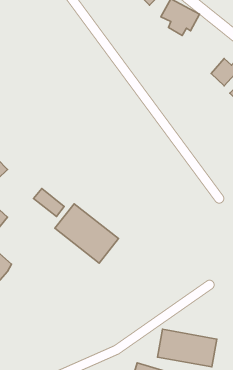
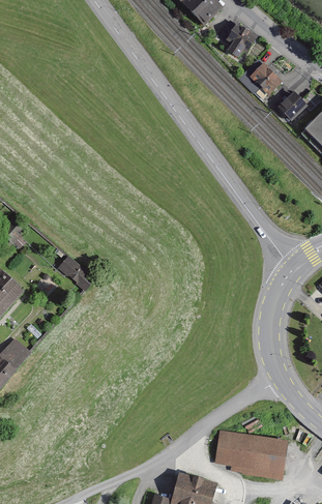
building: none -> [248,58,289,100]
building: [55,204,119,263] -> none

